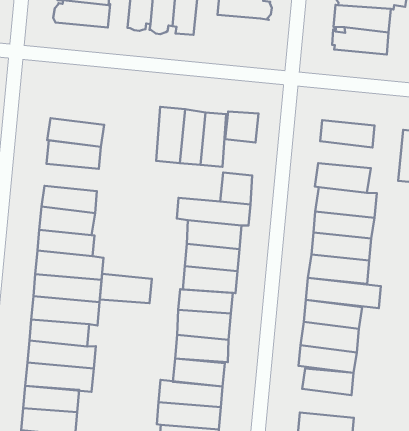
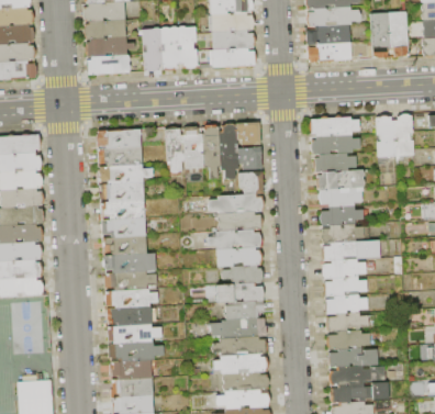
building: none -> [214,47,258,69]
building: none -> [96,128,140,150]
building: none -> [164,128,185,172]
building: none -> [236,145,261,172]
building: none -> [311,135,354,154]
building: none -> [99,184,142,204]
building: [100,274,152,303] -> none
building: none -> [326,332,367,351]

